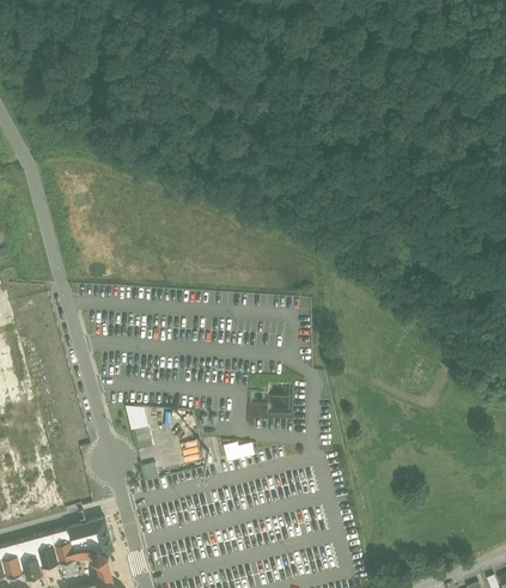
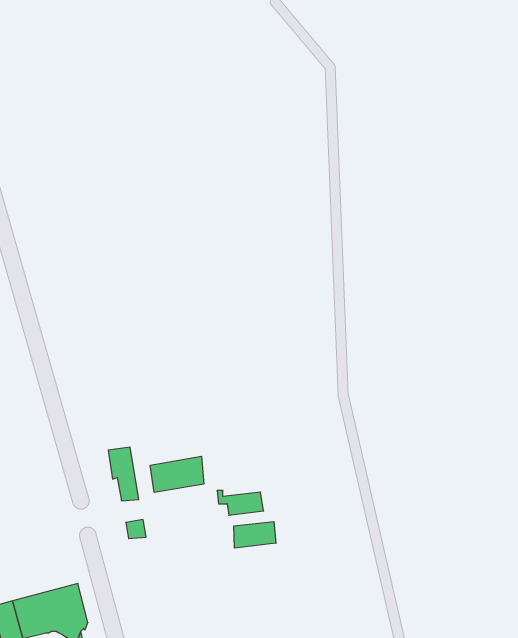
building: none -> [150,456,204,492]
building: none -> [234,522,276,548]

